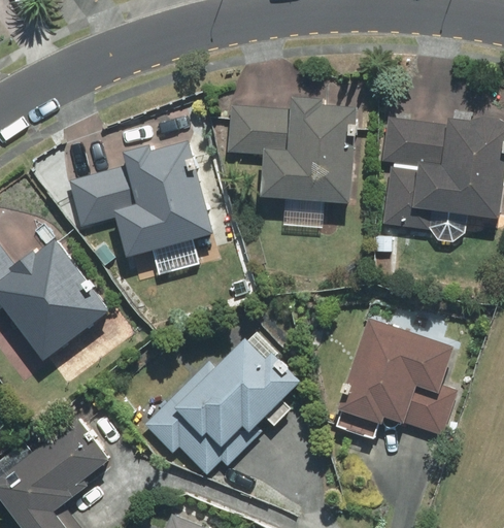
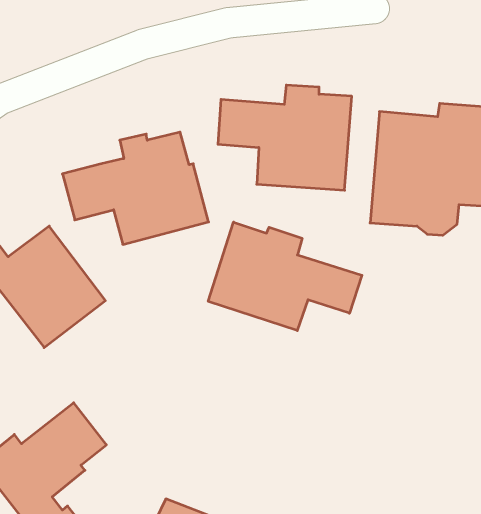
building: none -> [208,222,362,331]
building: [332,316,453,441] -> none
building: [138,330,295,475] -> none

